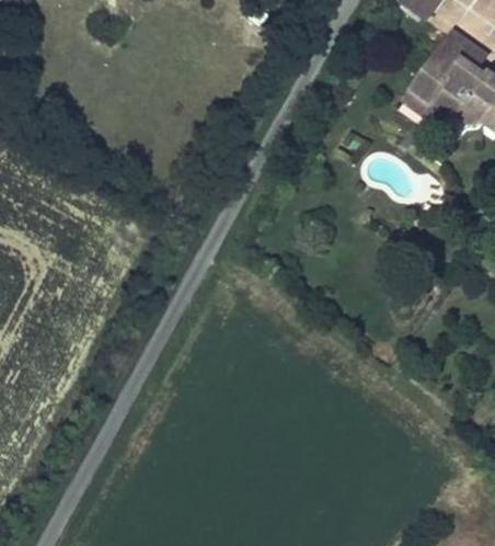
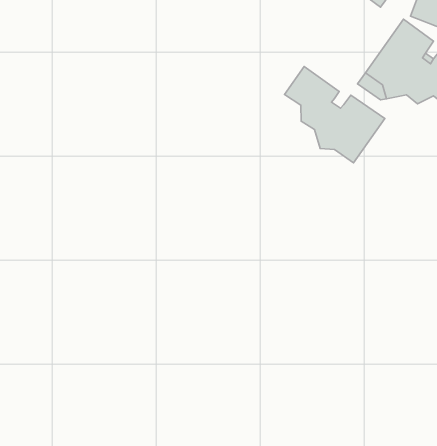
building: none -> [284,66,385,163]

